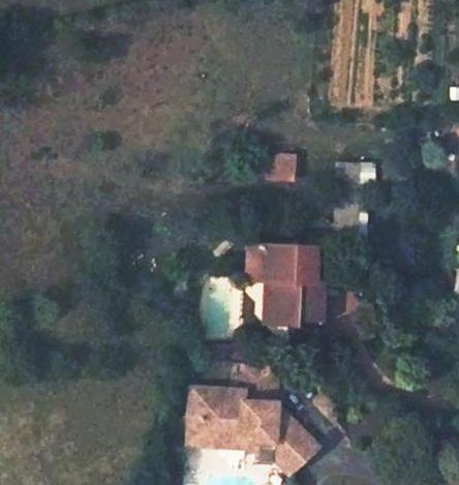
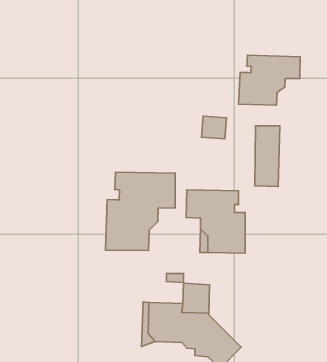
building: none -> [239,55,300,105]
building: none -> [106,172,175,250]

